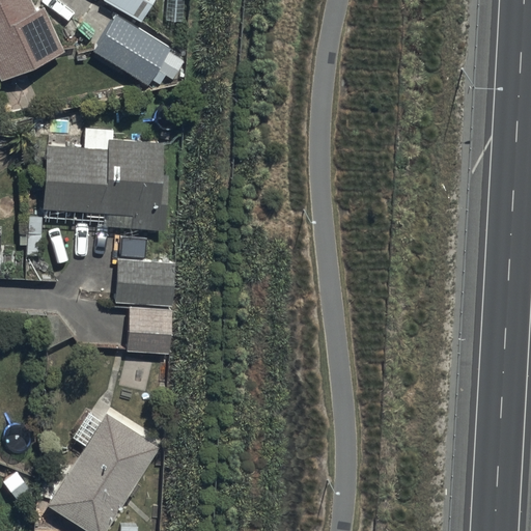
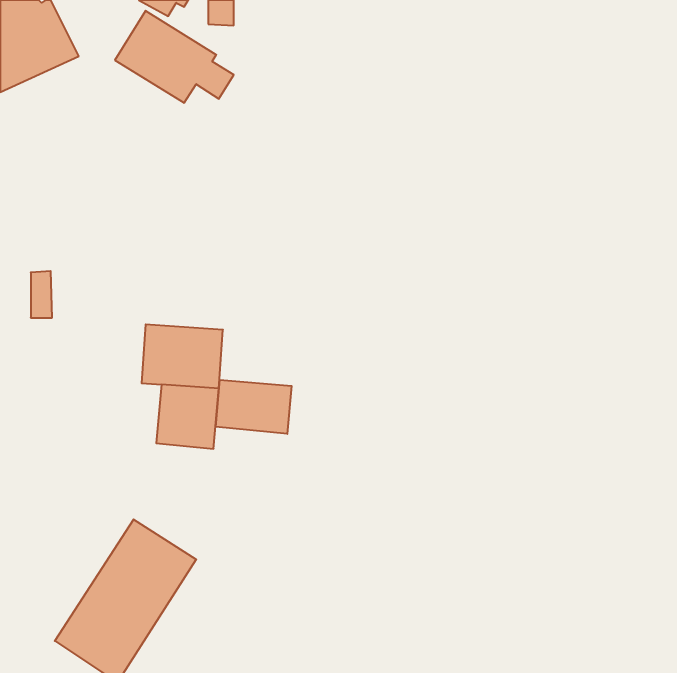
building: [43,121,170,233] -> none
building: none -> [216,380,292,434]

